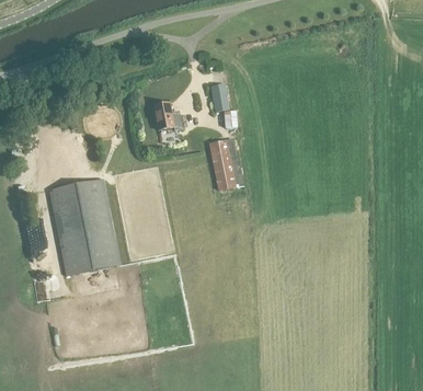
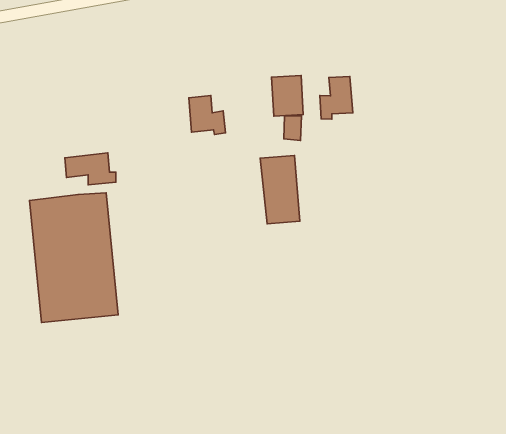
building: none -> [320,76,353,119]
building: none -> [65,153,116,185]

